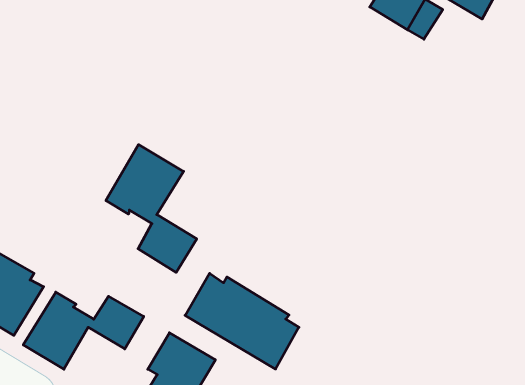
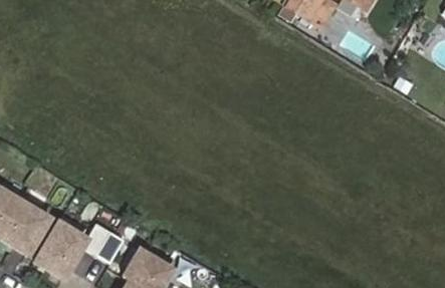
building: [106,145,197,272] -> none
building: [185,273,299,369] -> none

